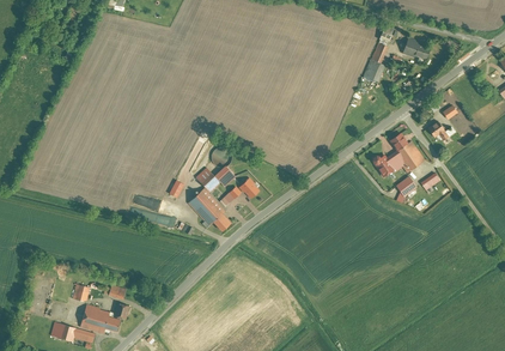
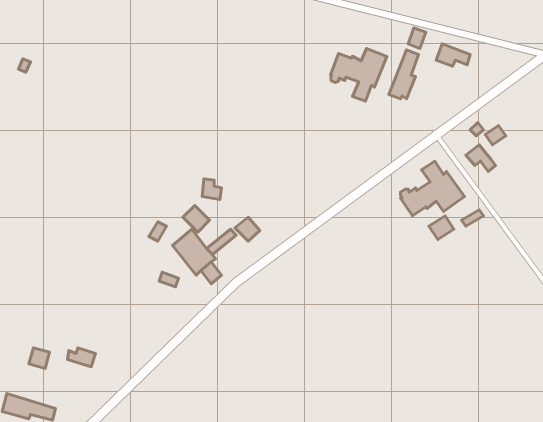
building: none -> [330,48,387,101]
building: [81,303,129,332] -> none

